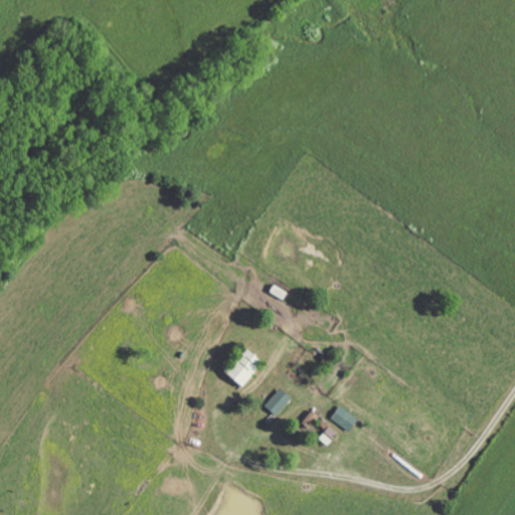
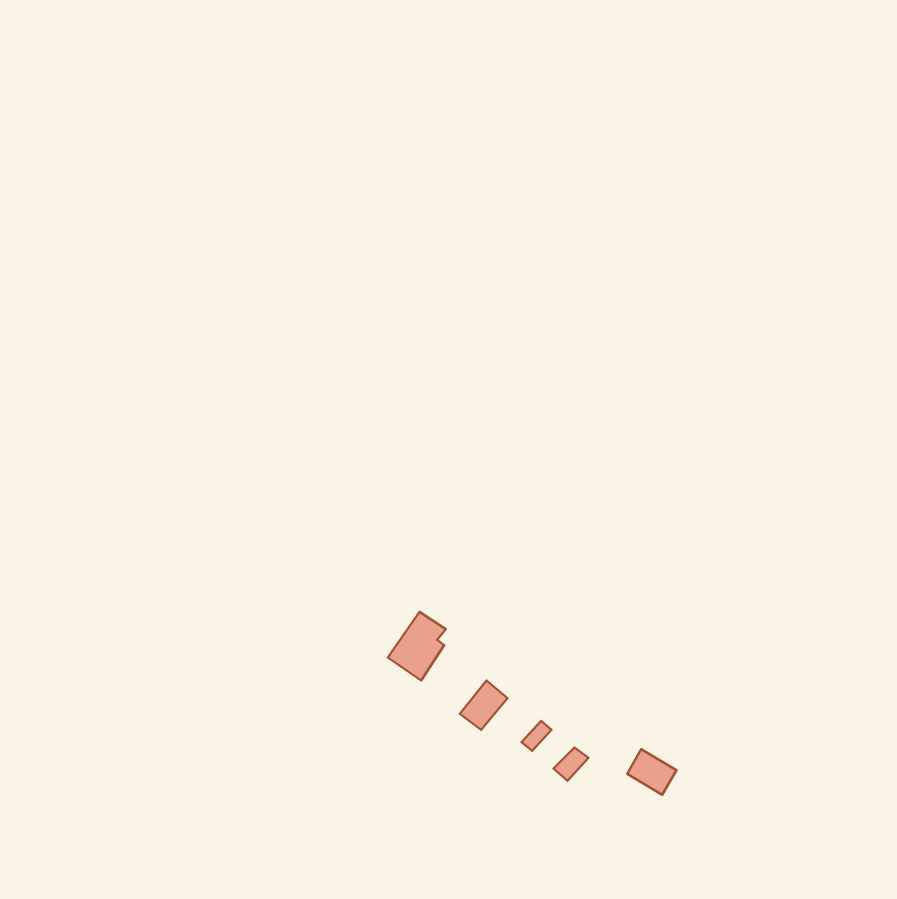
building: [331,405,359,432] -> [627,749,676,795]

